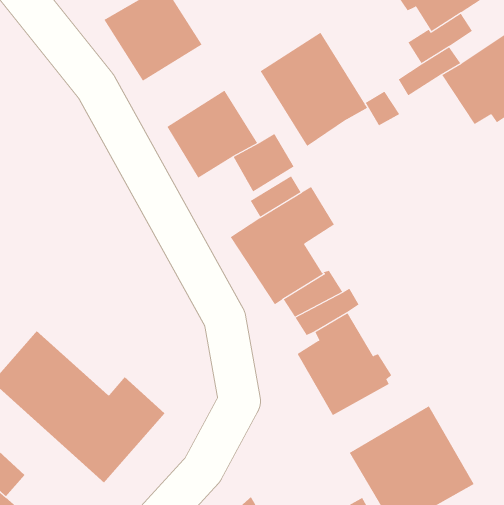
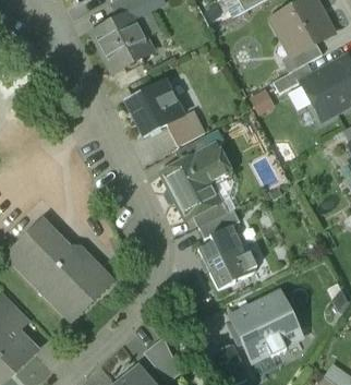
building: [260,32,368,147] -> none

